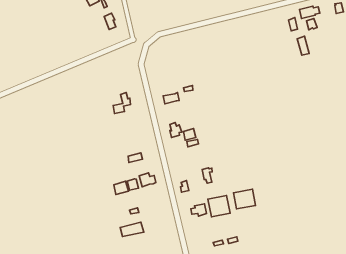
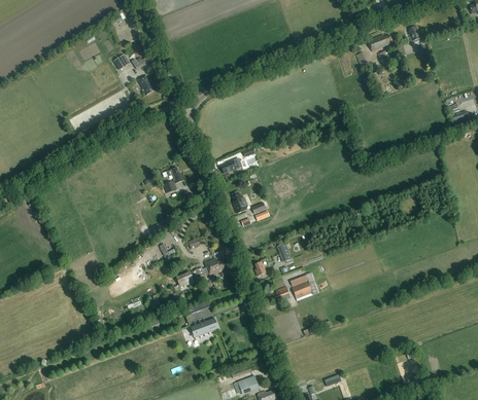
building: [233,189,256,209] -> none

